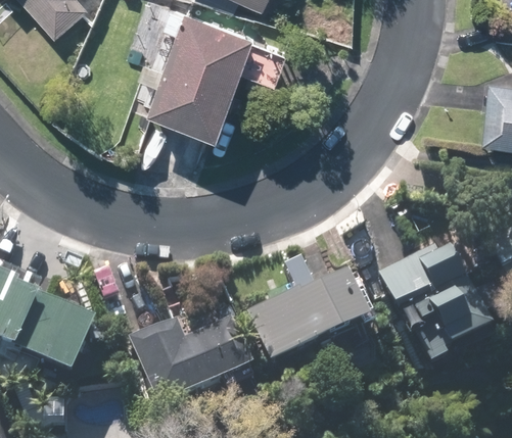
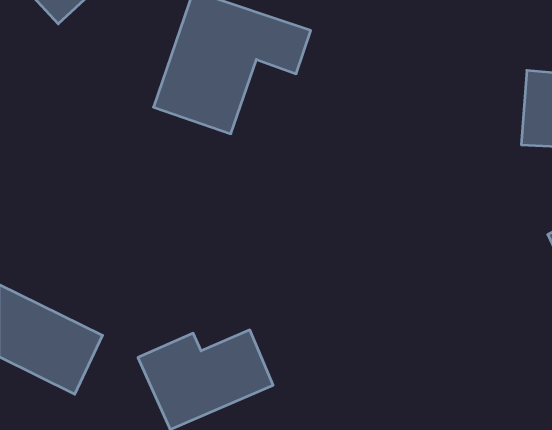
building: [376,239,492,368] -> none
building: [248,271,370,366] -> none

